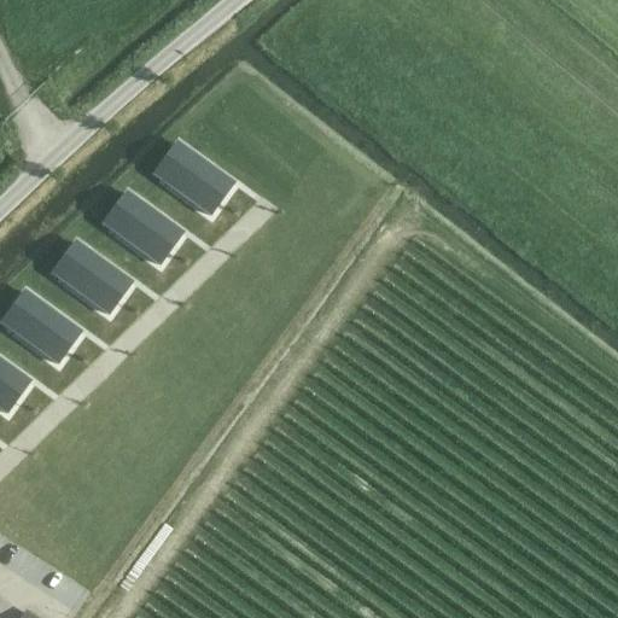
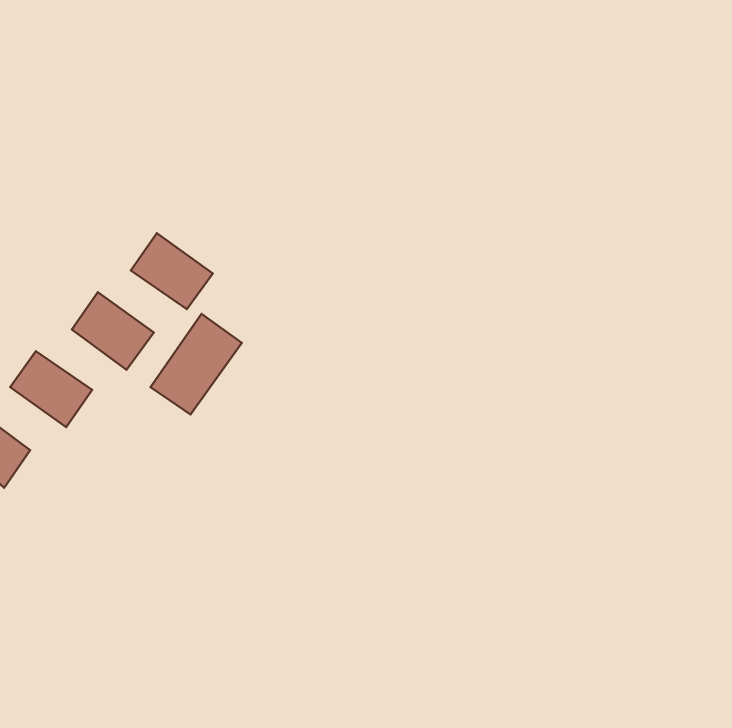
building: [162,145,231,210] -> none
building: none -> [151,314,242,414]

